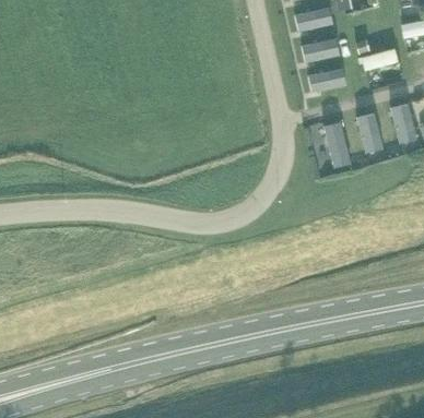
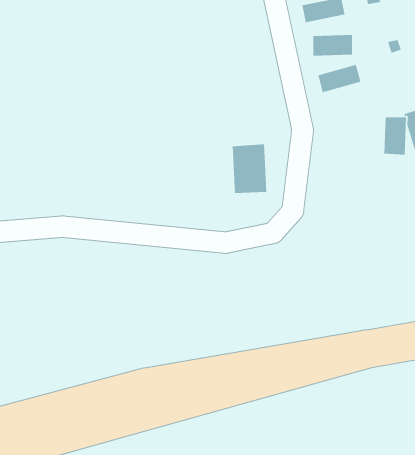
building: [314,123,345,168] -> [232,144,267,194]

